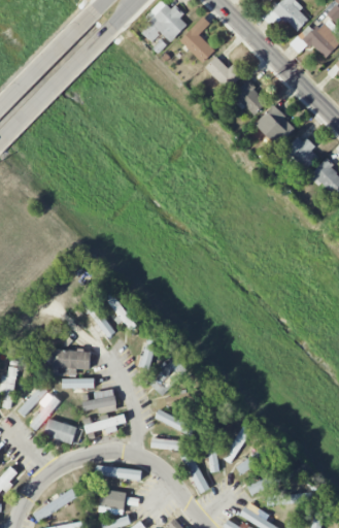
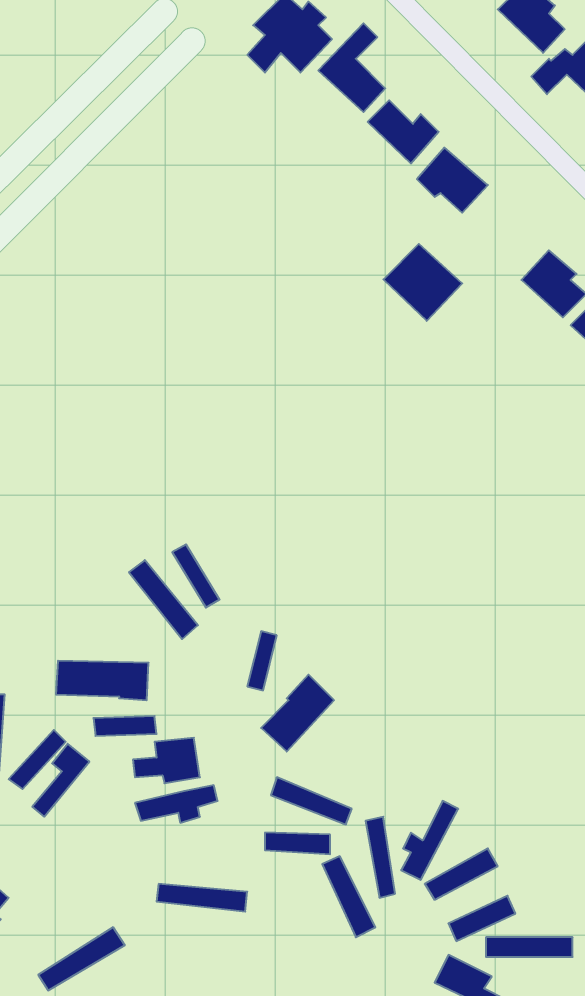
building: [253,105,295,145] -> [383,244,462,321]
building: [42,418,81,444] -> none
building: [100,489,125,514] -> none

